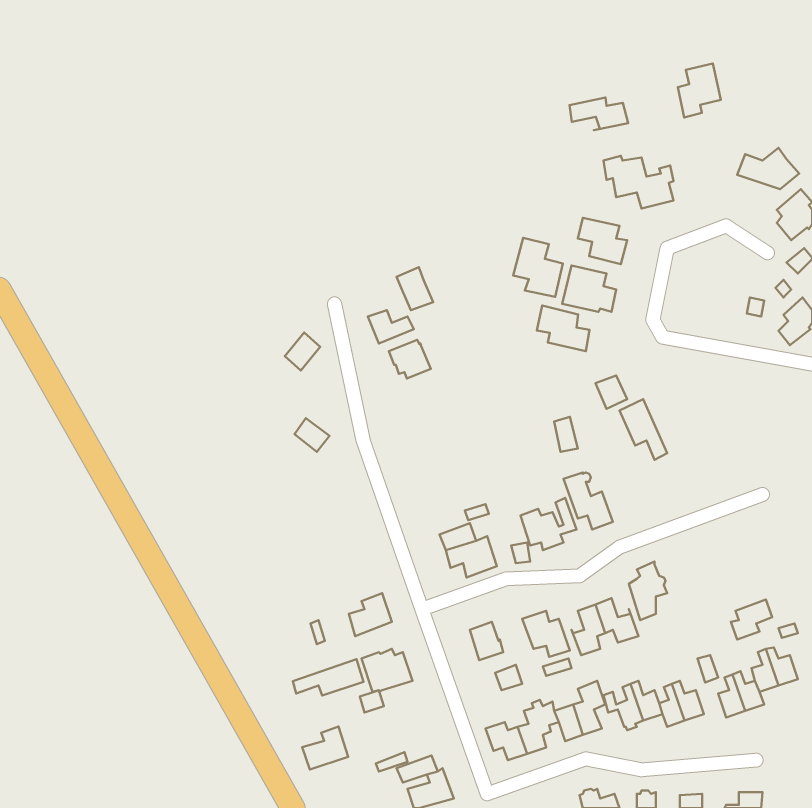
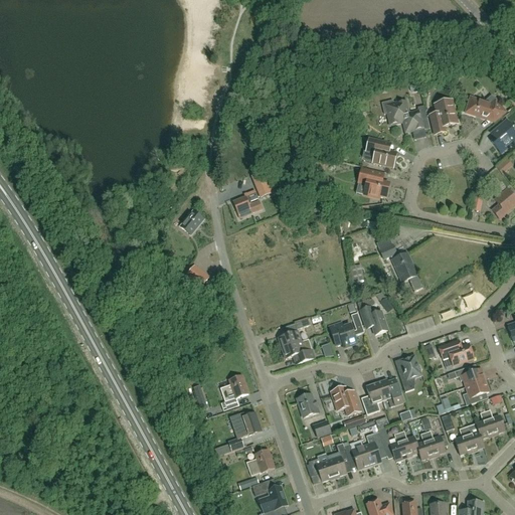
building: [678,63,721,117] -> [430,100,457,134]
building: [569,98,628,130] -> none
building: [513,238,563,297] -> none
building: [537,306,590,351] -> none
building: [389,340,431,379] -> none
building: none -> [438,340,473,365]
building: none -> [447,366,484,386]
building: [293,659,364,696] -> none
building: [302,727,348,769] -> [244,449,274,476]

